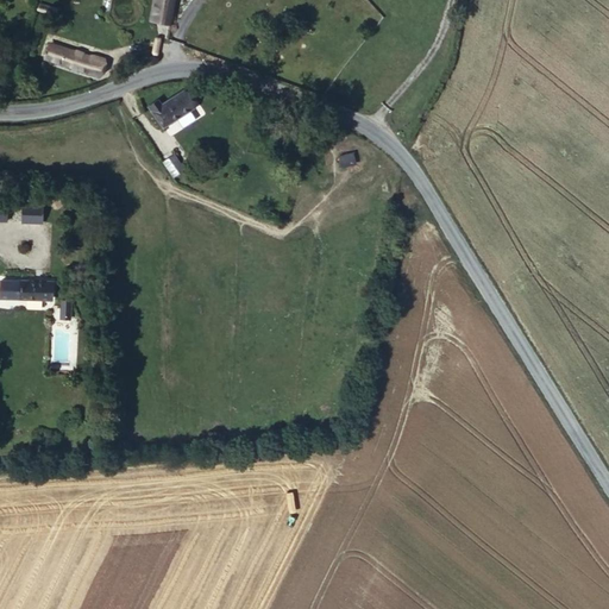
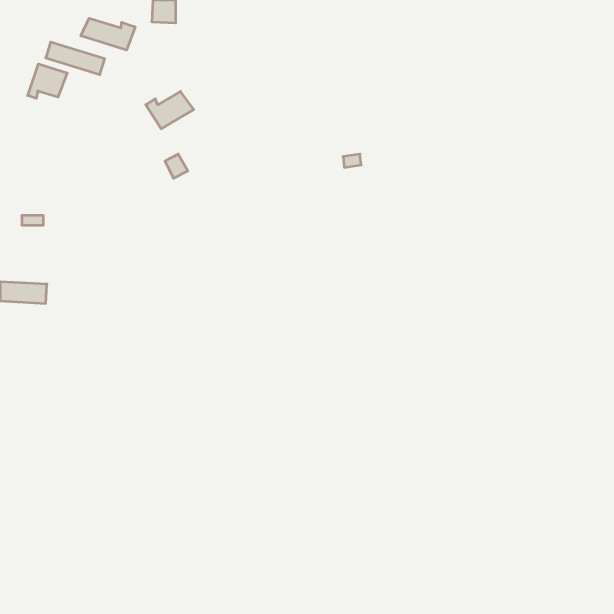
building: none -> [81,18,135,50]
building: none -> [28,64,67,98]

